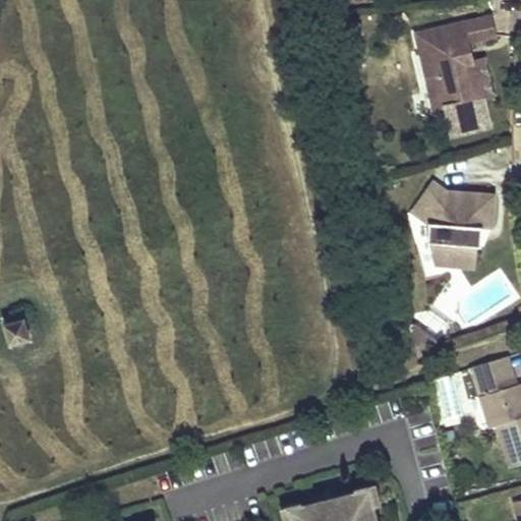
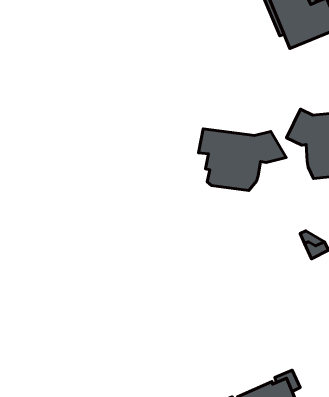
building: none -> [198,129,286,191]

